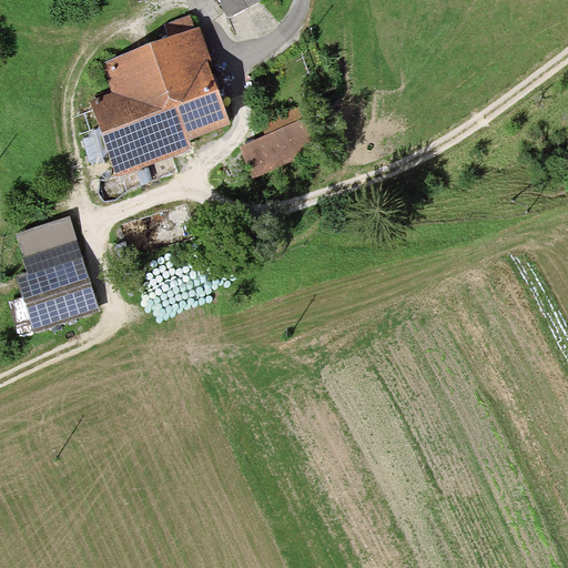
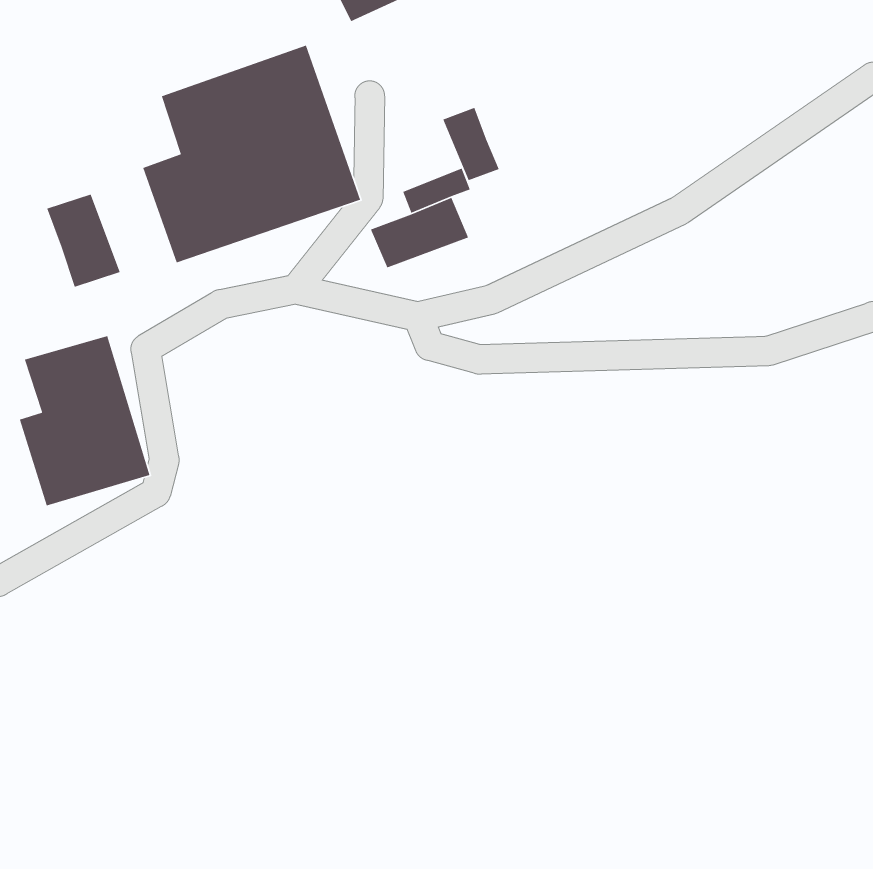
building: none -> [442,107,500,181]
building: none -> [46,194,121,288]

